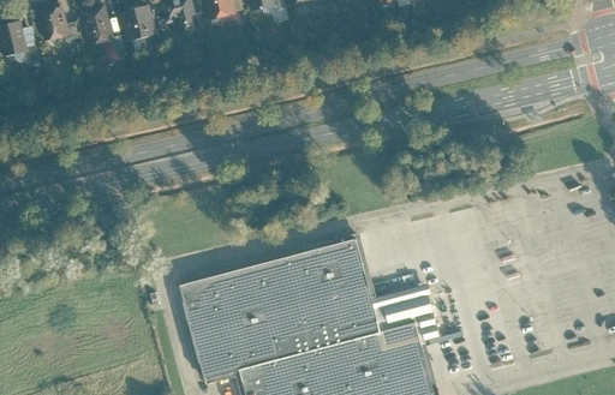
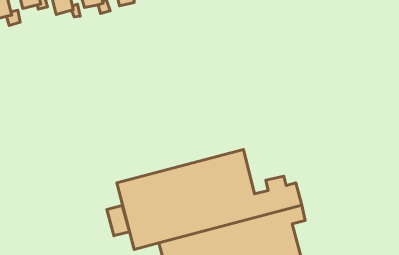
building: none -> [107,206,129,236]

